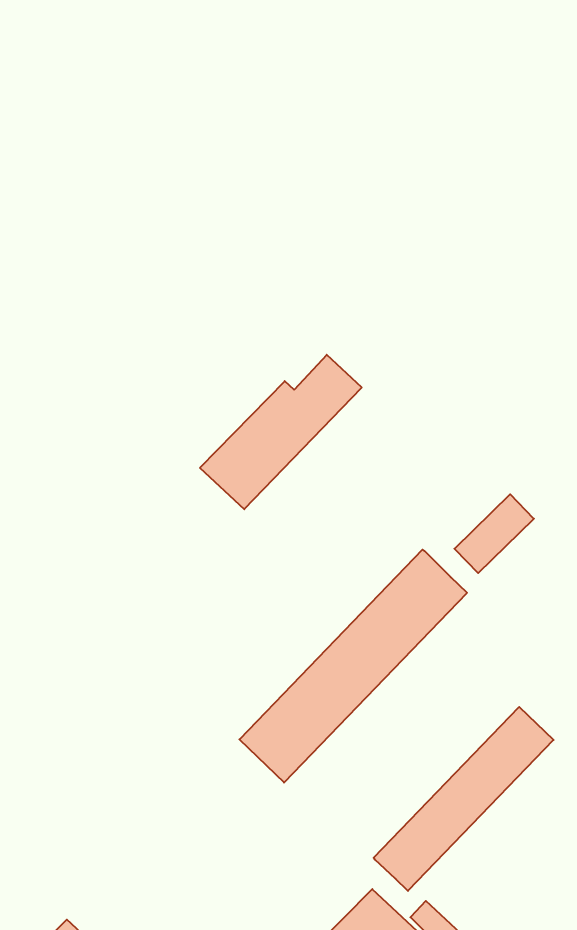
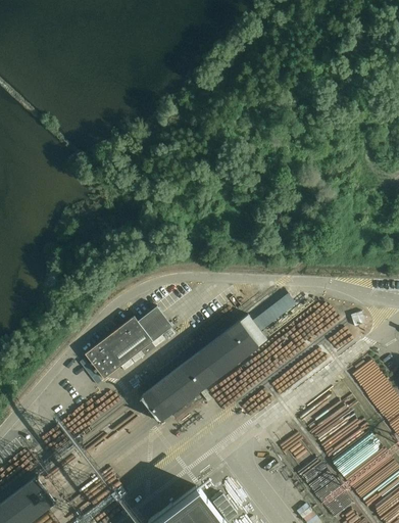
building: [200,355,362,509] -> [84,307,172,380]
building: [374,707,554,891] -> none

